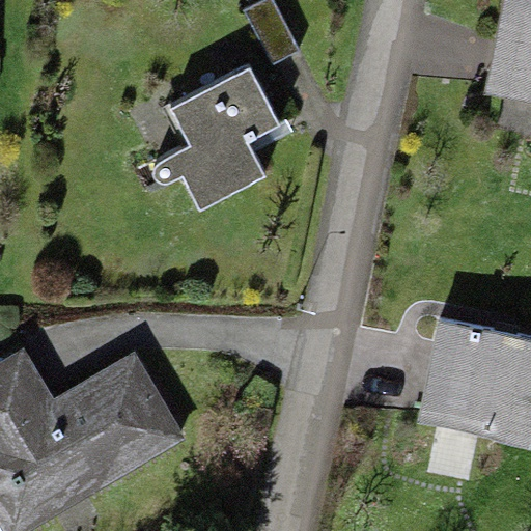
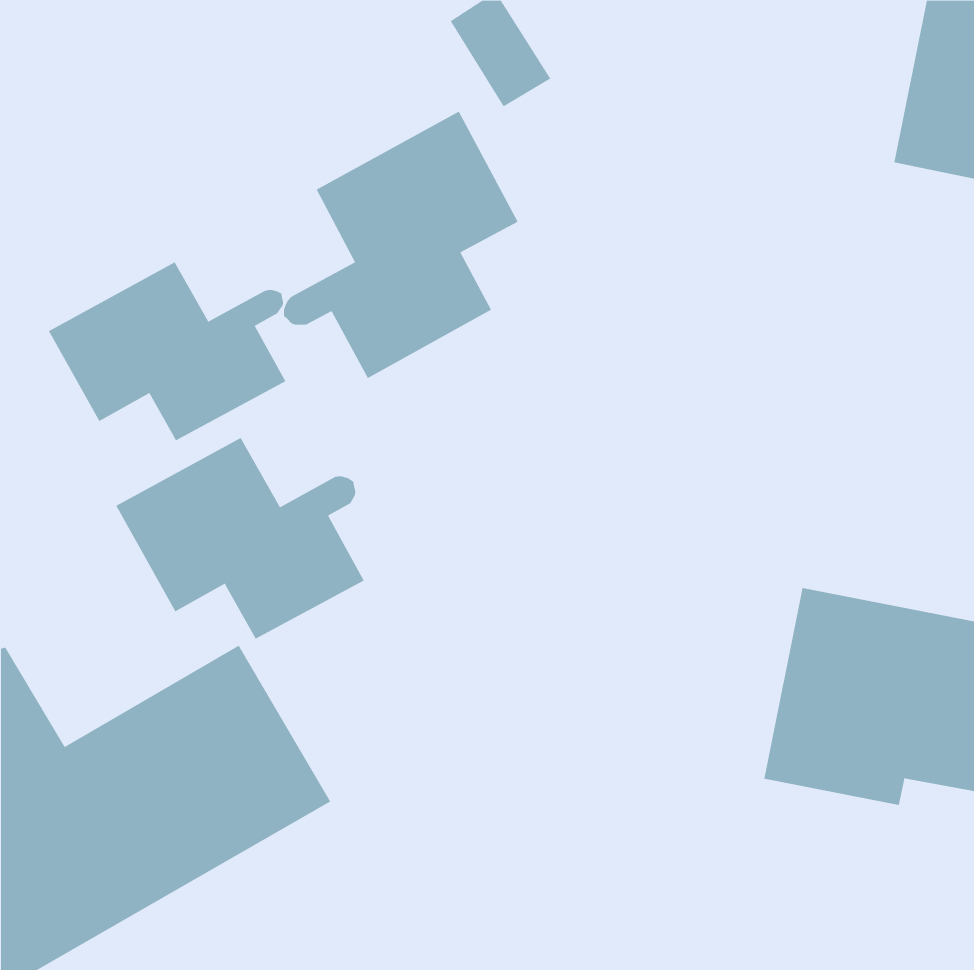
building: none -> [48,262,286,441]
building: none -> [116,437,365,639]

